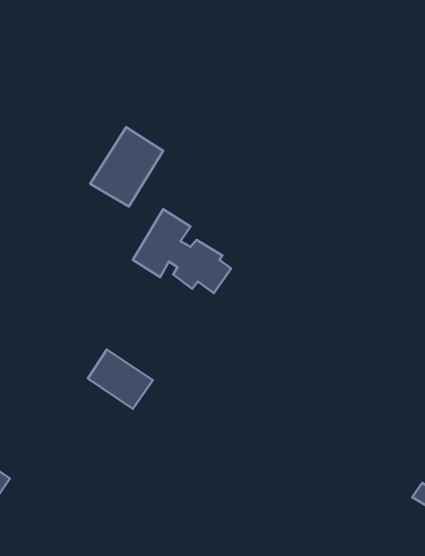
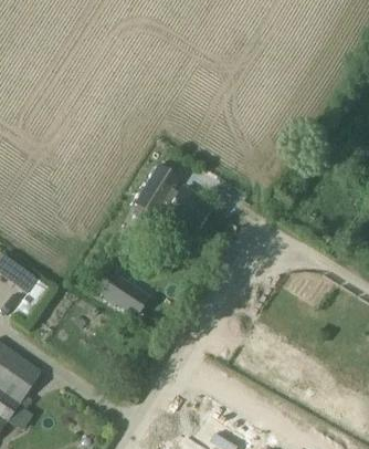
building: [90,127,163,207] -> none

